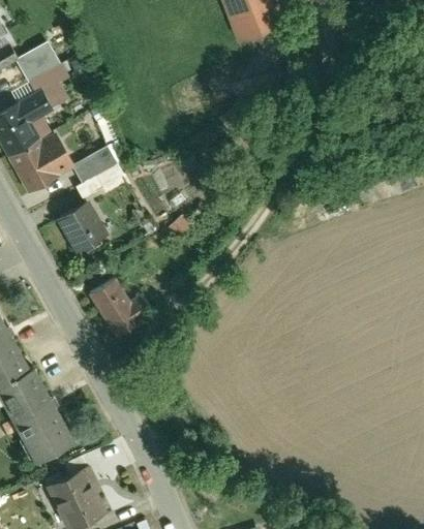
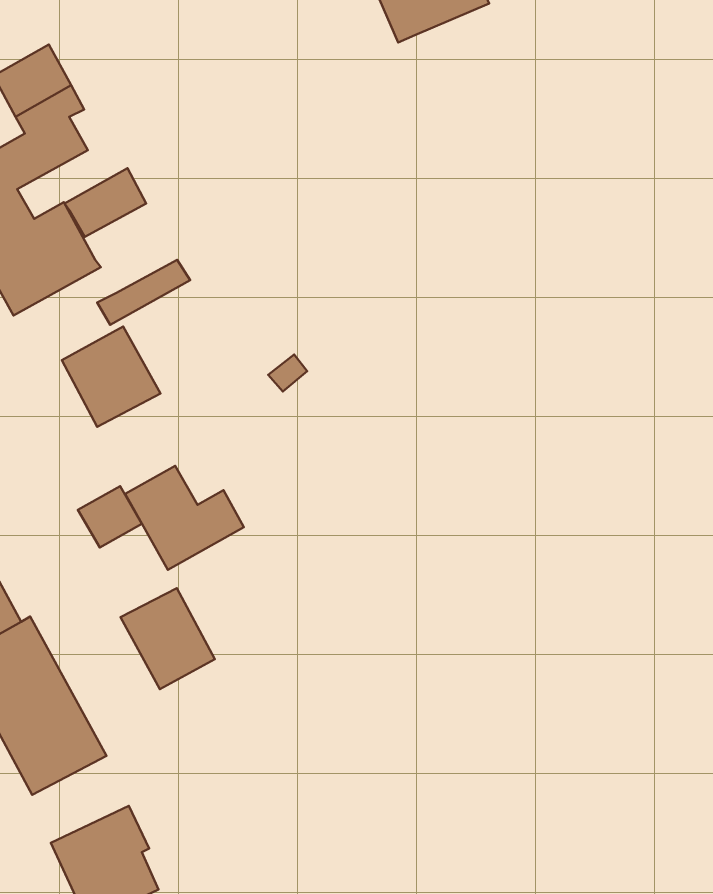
building: [72,144,118,182] -> [64,168,146,237]
building: none -> [78,486,142,548]
building: none -> [120,588,215,689]

